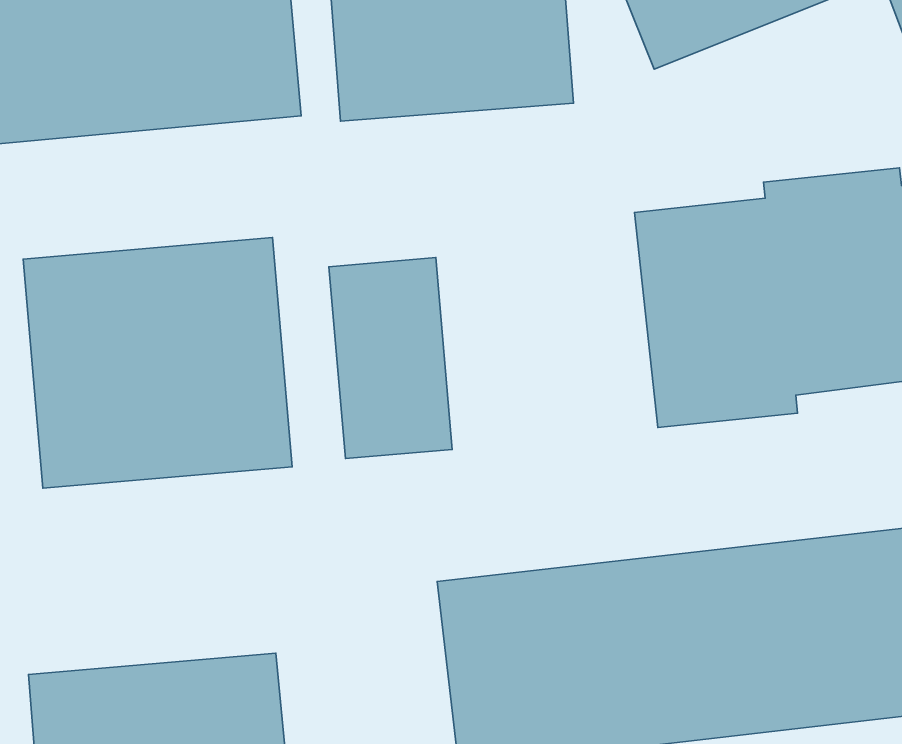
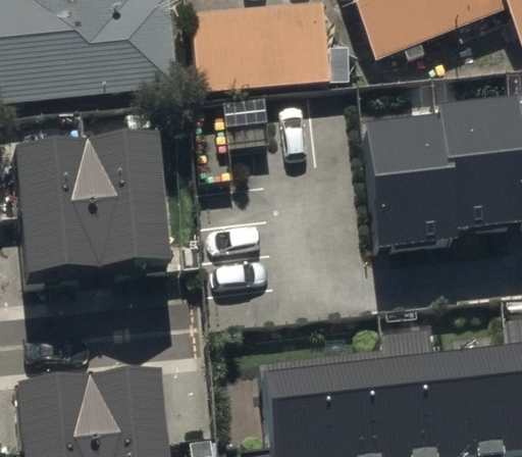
building: [329,258,452,459] -> none

